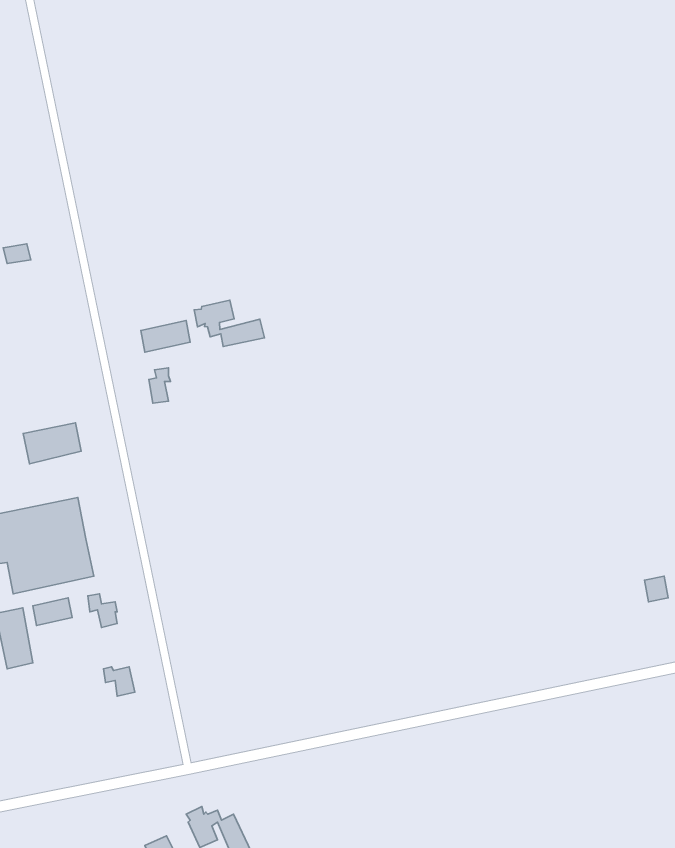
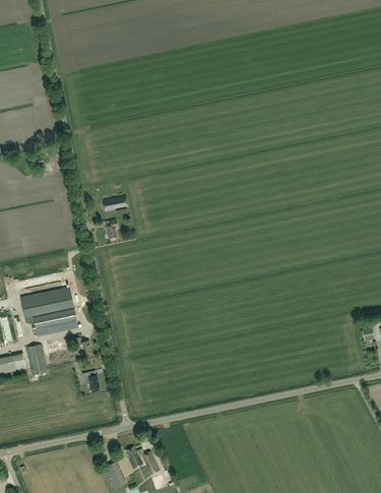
building: [194,300,264,347] -> none
building: [23,423,81,464] -> none

